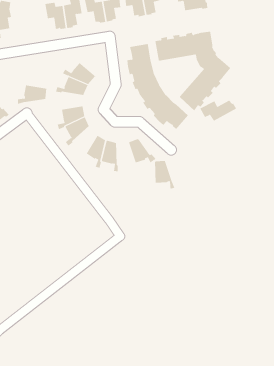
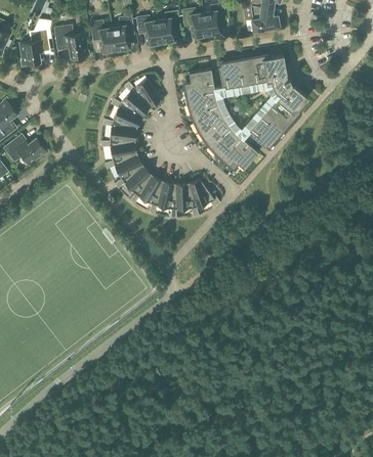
building: none -> [54,25,89,57]
building: none -> [124,78,161,107]
building: [17,85,47,104] -> [101,125,136,147]
building: [200,100,237,122] -> none
building: none -> [123,165,152,203]
building: [154,160,175,189] -> [174,183,199,217]

